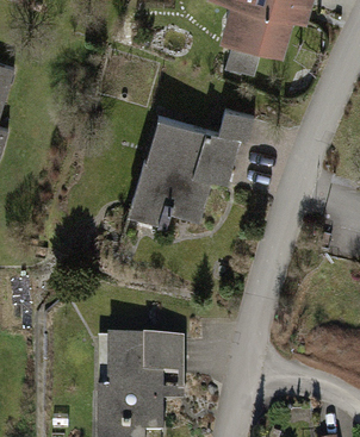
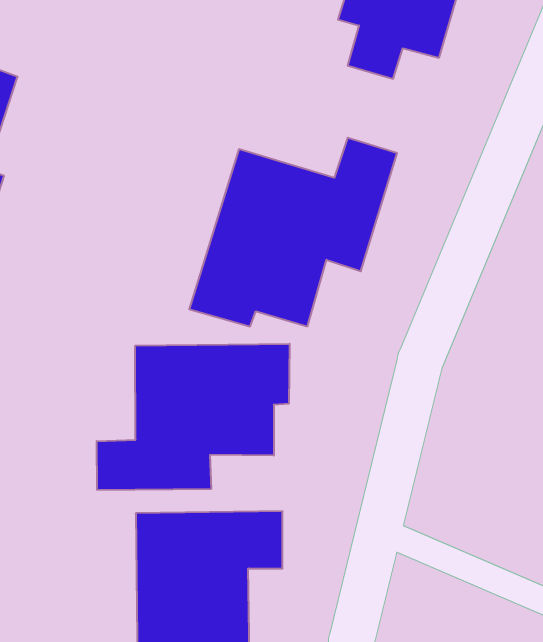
building: none -> [97,344,290,490]

